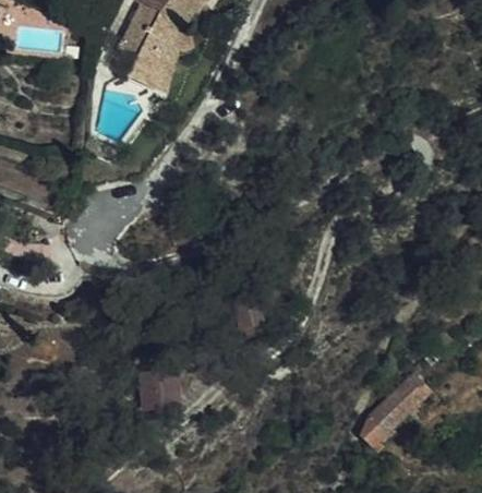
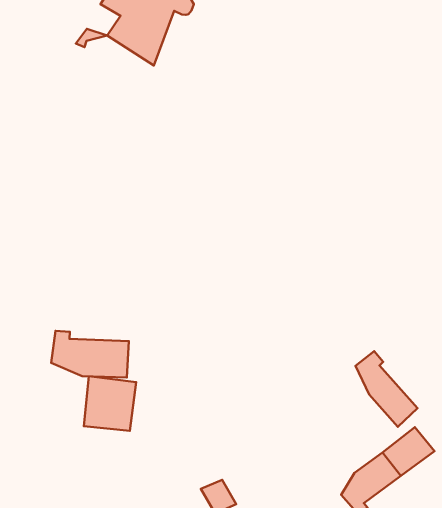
building: none -> [355,351,417,427]
building: none -> [51,331,129,378]

